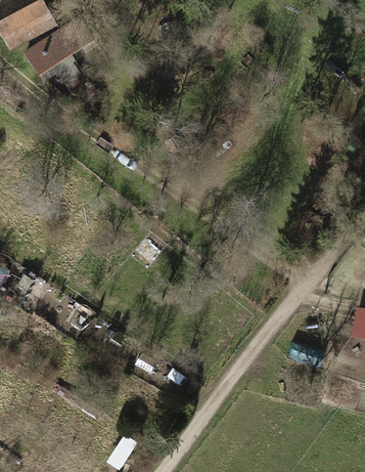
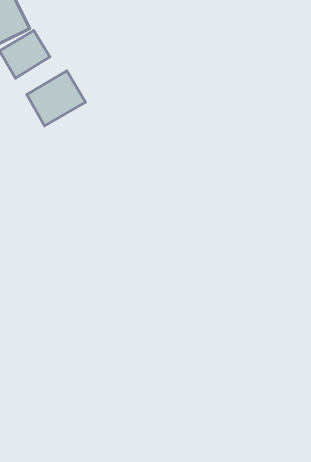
building: none -> [27,71,86,126]

